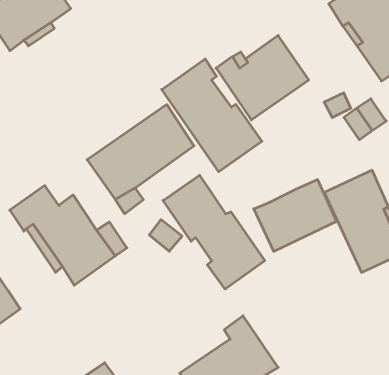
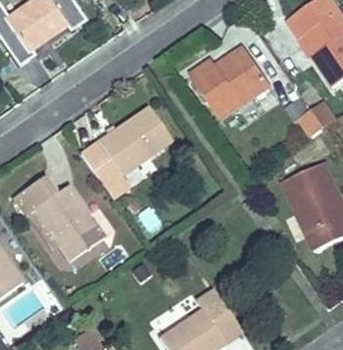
building: [162,59,262,172] -> none
building: [163,175,265,289] -> none
building: [254,180,337,251] -> none

